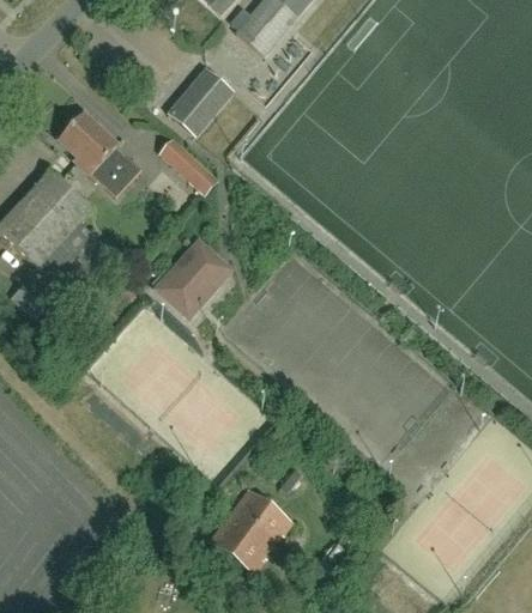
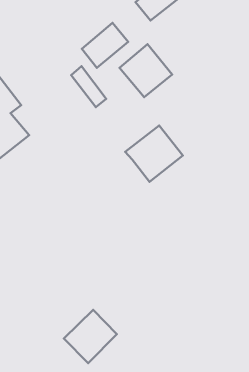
building: none -> [120,44,172,97]
building: [60,115,140,196] -> none
building: [145,231,230,316] -> [125,125,183,182]

